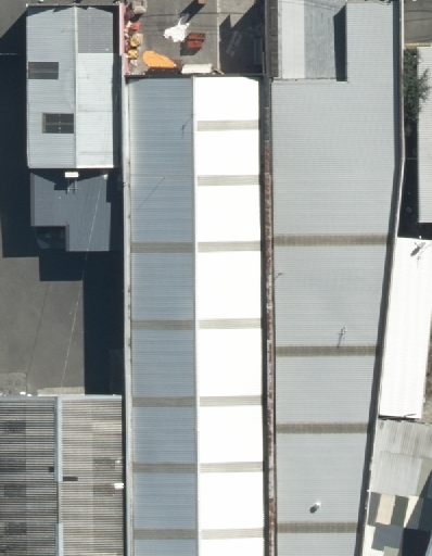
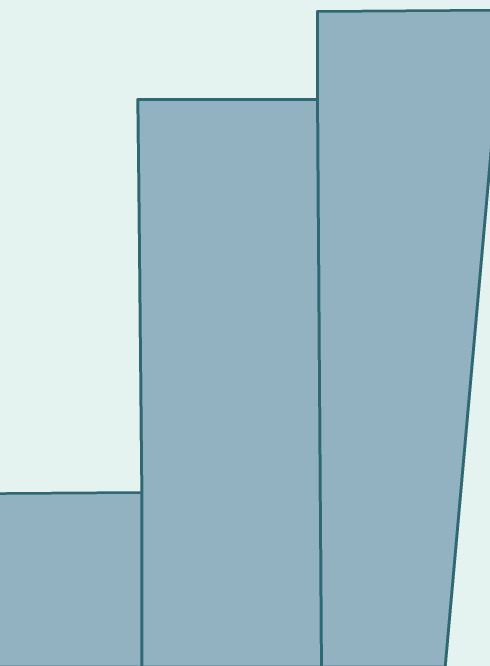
building: [18,33,118,189] -> none

